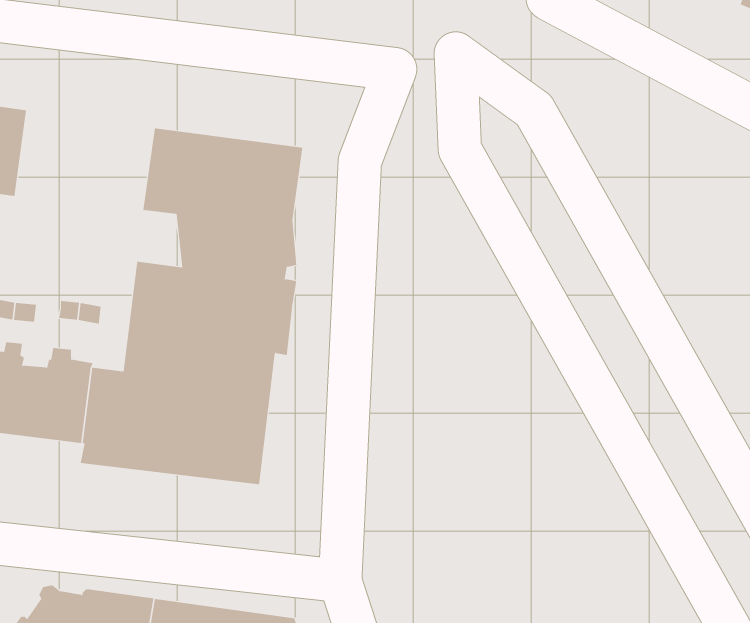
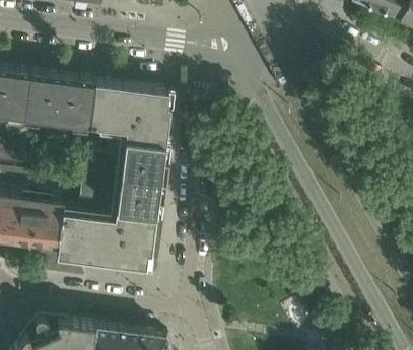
building: none -> [22,76,94,130]

